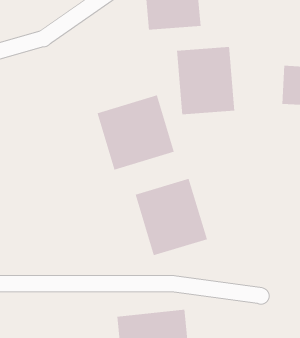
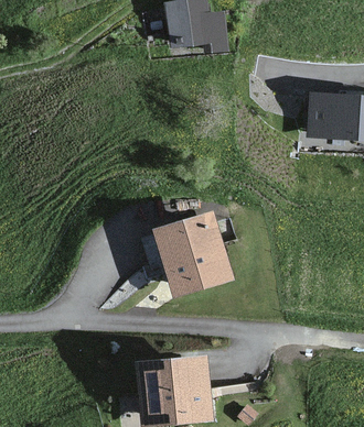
building: [176,46,235,115] -> none
building: [97,95,174,171] -> none

